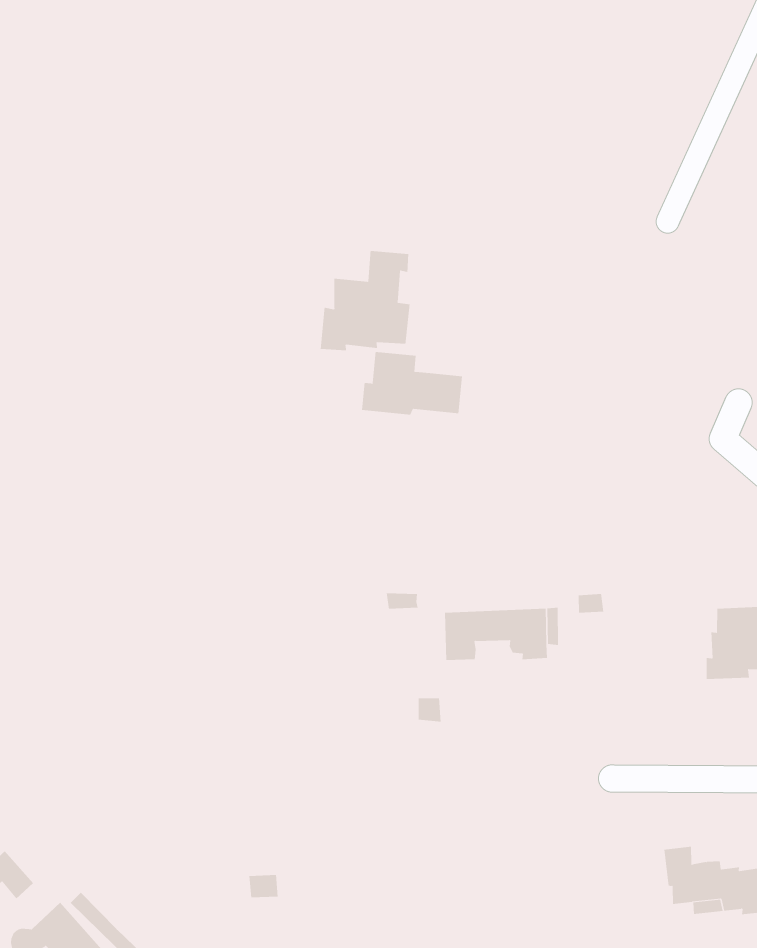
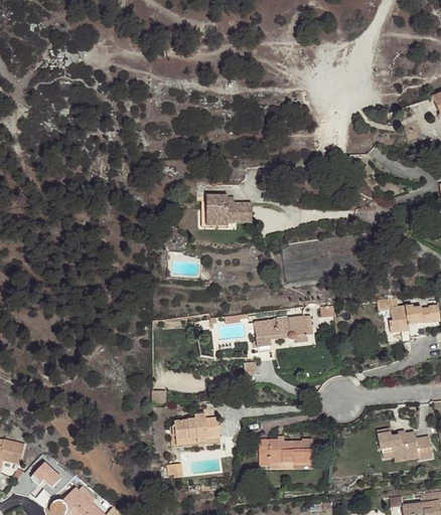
building: [320,250,410,351] -> none
building: none -> [173,413,219,444]
building: none -> [258,439,311,466]

